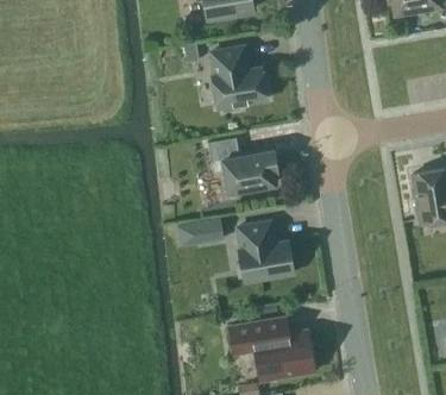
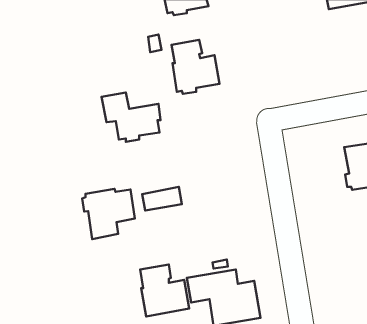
building: [207,138,276,195] -> [101,93,161,142]
building: none -> [82,189,135,239]
building: [237,222,294,283] -> [140,265,189,317]

